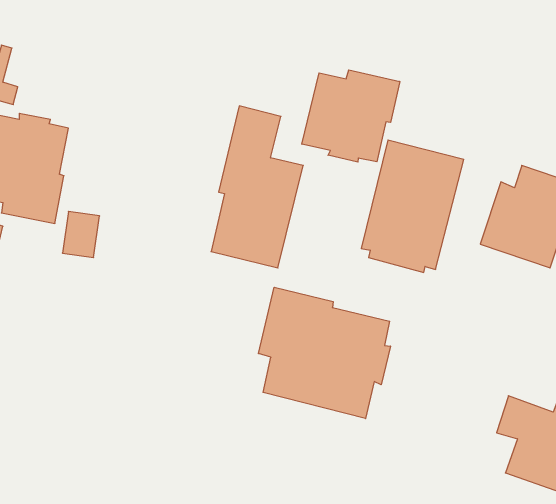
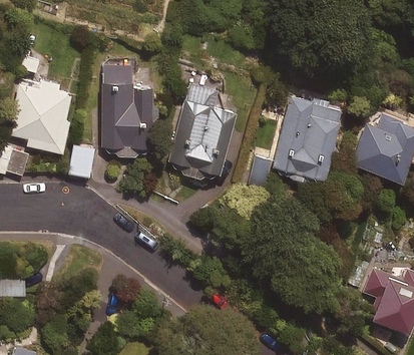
building: [302,70,400,162] -> none
building: none -> [104,64,152,156]
building: [258,287,390,419] -> none

